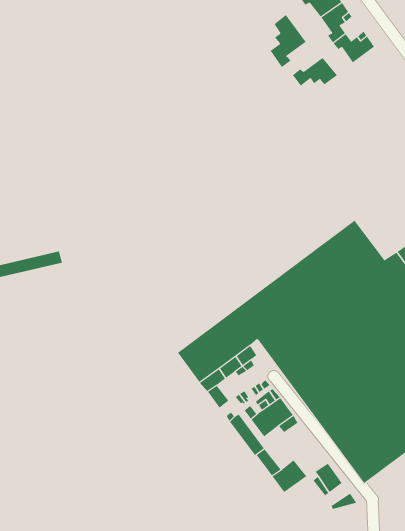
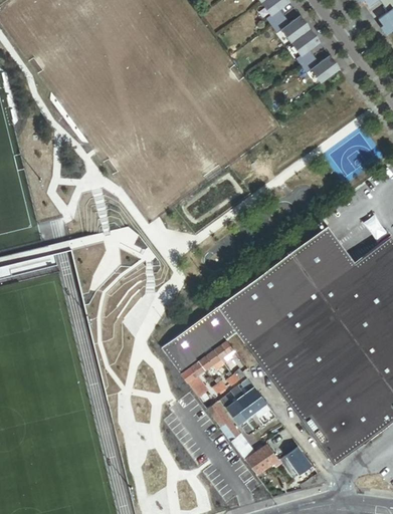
building: [270,14,307,68] -> none
building: [292,57,338,87] -> none

